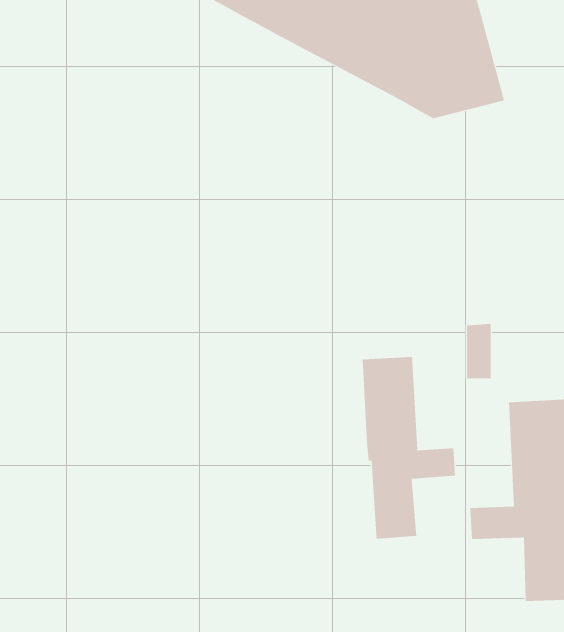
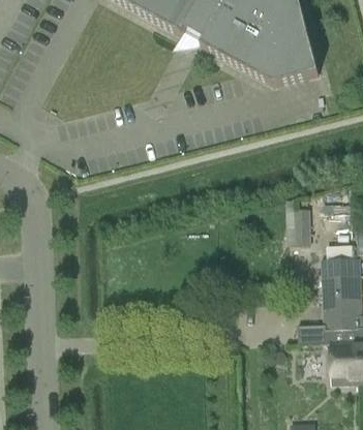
building: [362,356,455,540] -> none

